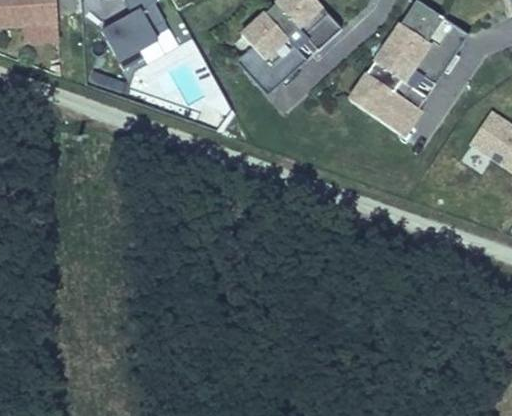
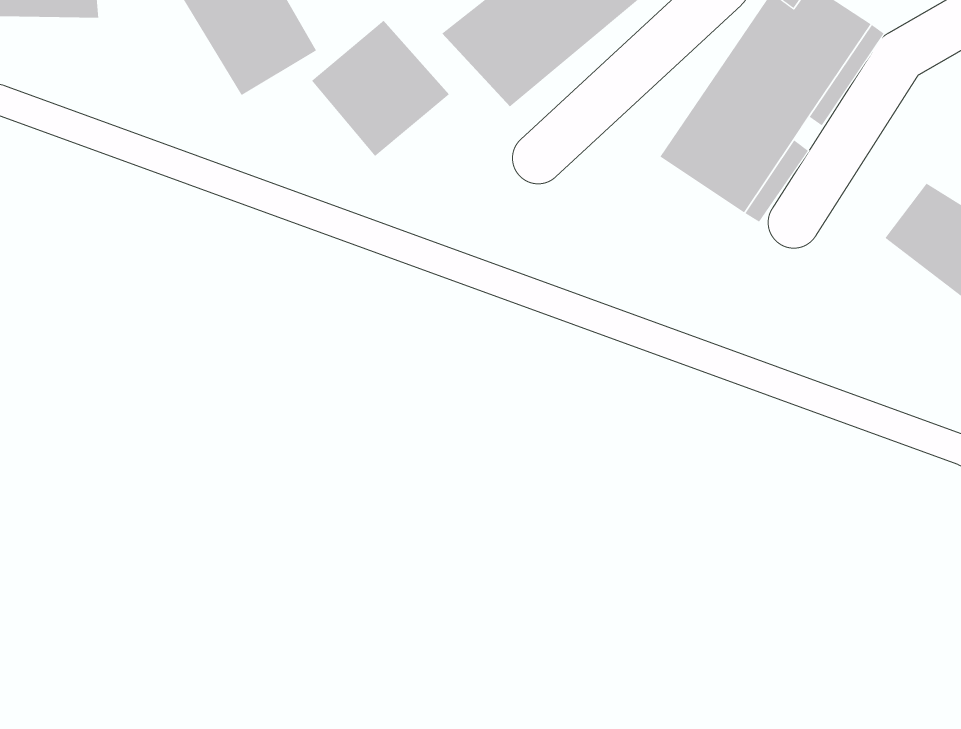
building: none -> [311,20,450,157]

